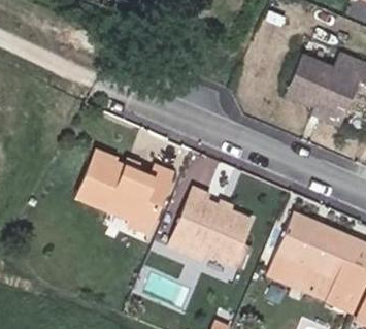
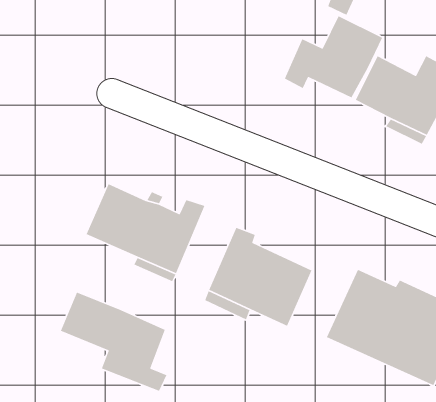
building: none -> [284,15,383,98]
building: none -> [60,291,167,392]

